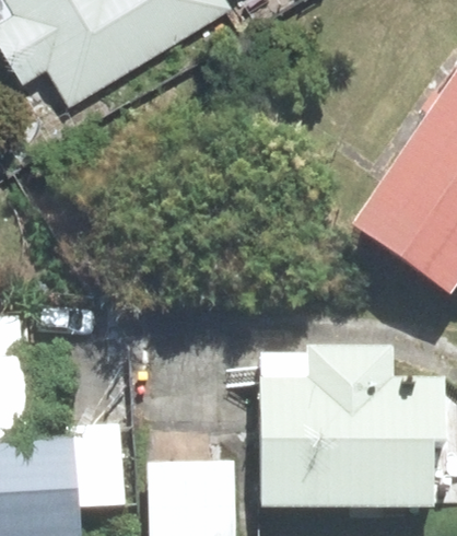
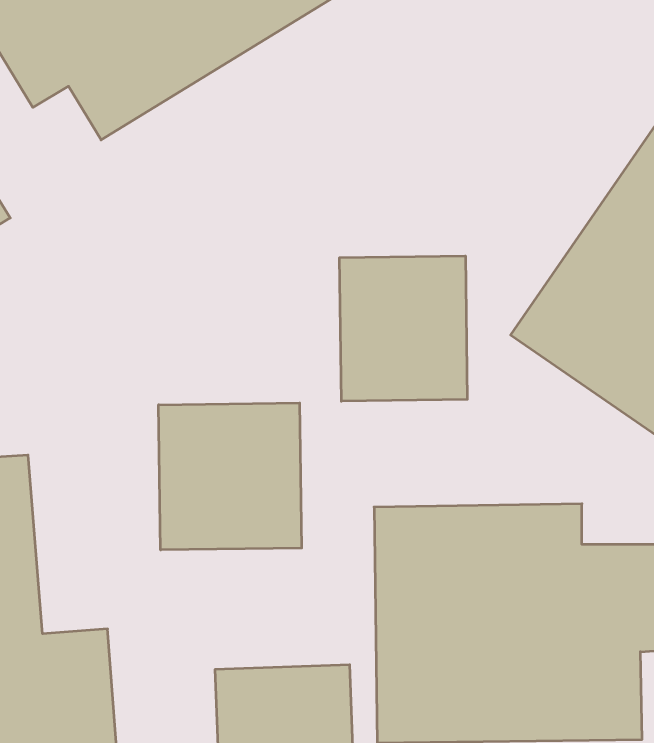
building: none -> [340,256,467,401]
building: none -> [159,403,302,550]

